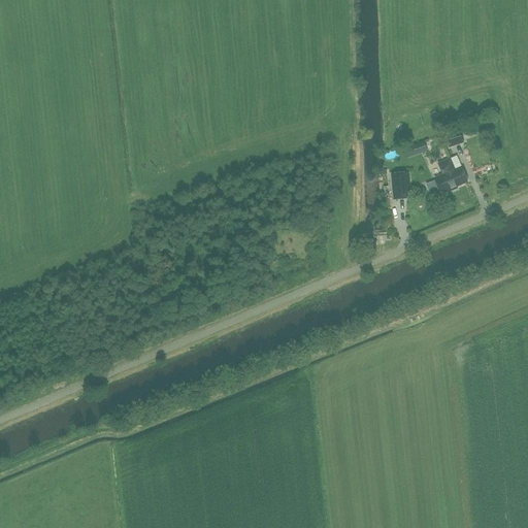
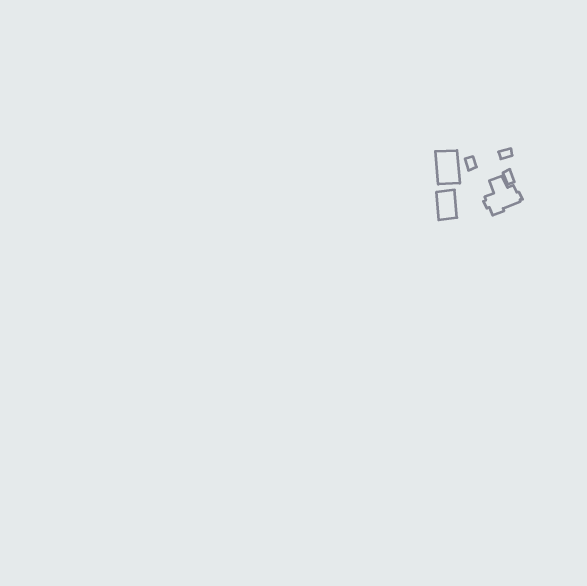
building: none -> [435,150,460,184]

